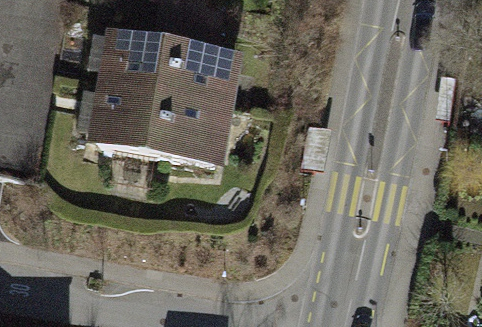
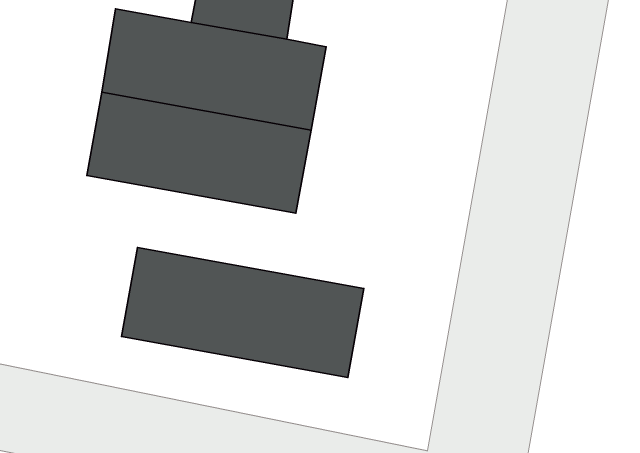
building: none -> [121,247,364,377]

